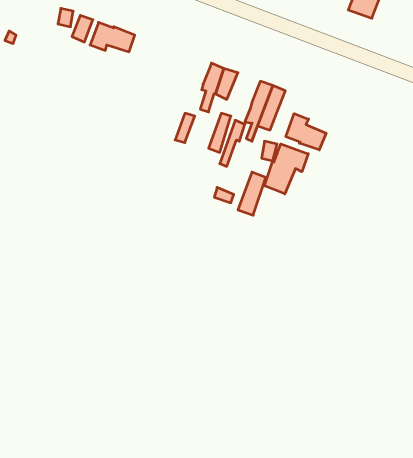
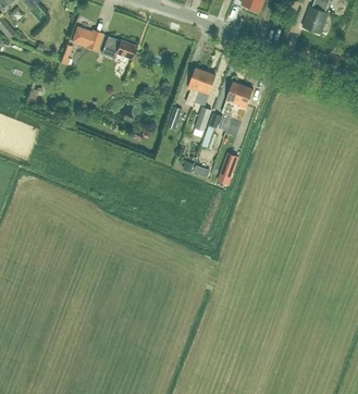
building: [286,114,326,150] -> none
building: [265,144,308,194] -> none

